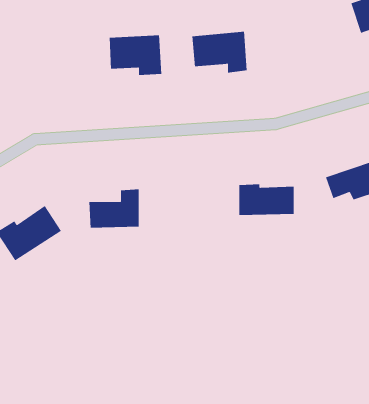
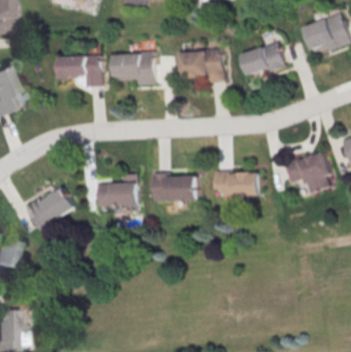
building: none -> [242,42,286,74]
building: none -> [59,55,102,87]
building: none -> [154,172,199,202]

